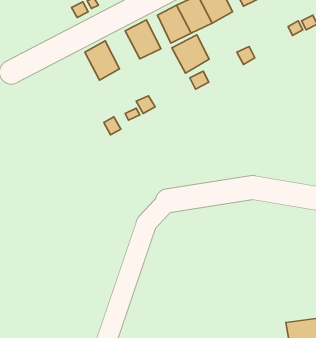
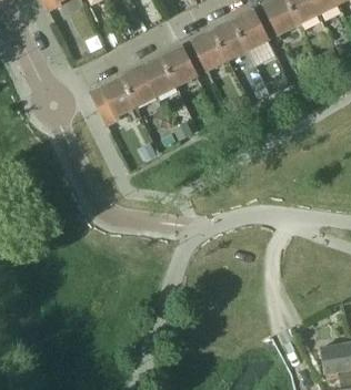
building: none -> [140,58,174,95]
building: [172,35,209,73] -> none
building: none -> [90,79,134,121]

